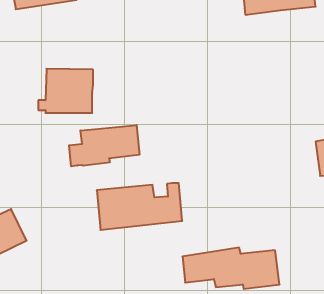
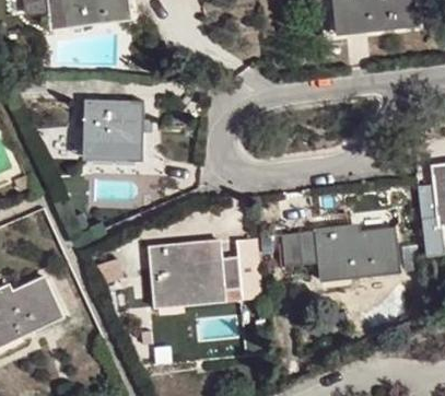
building: [69,125,139,166] -> none
building: [182,248,280,289] -> [281,231,399,281]

